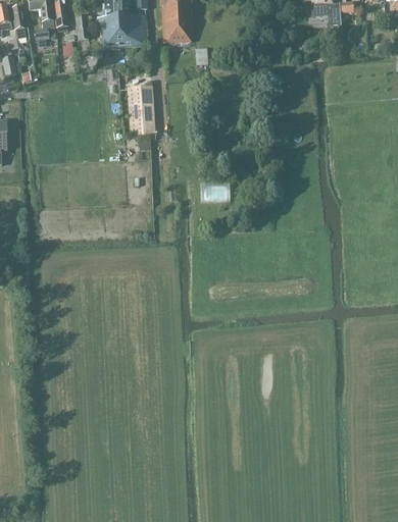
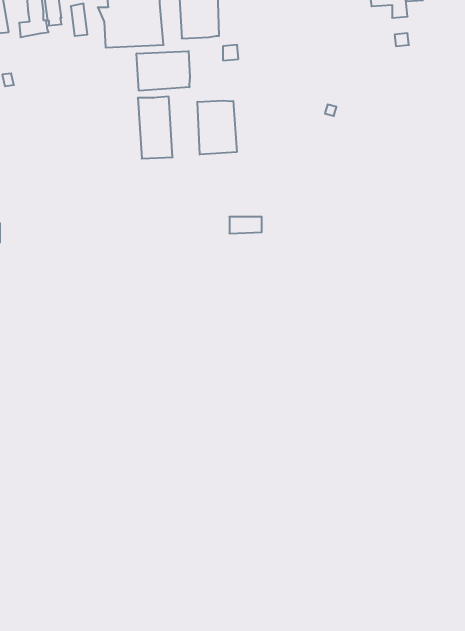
building: none -> [137,51,190,91]
building: none -> [197,101,237,155]

